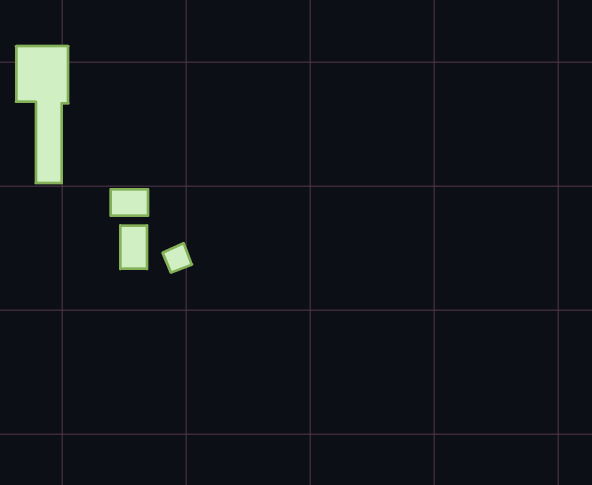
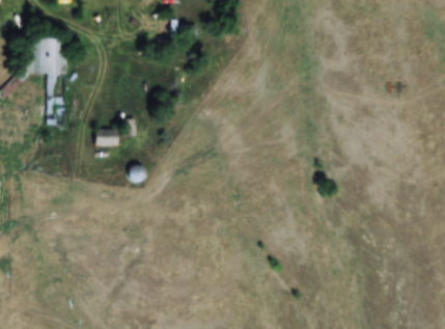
building: [120,225,147,269] -> none

